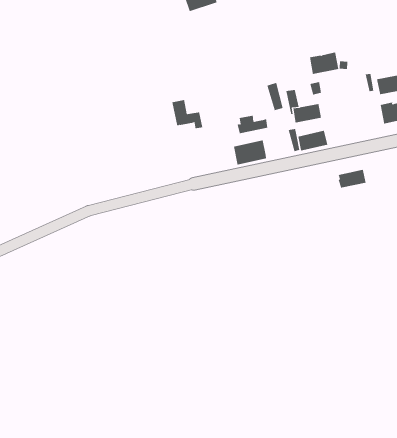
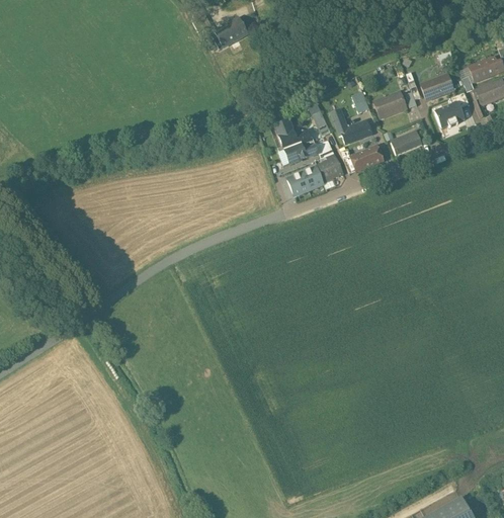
building: [309,52,339,75] -> [373,90,406,117]
building: [171,99,203,129] -> [275,119,312,148]
building: none -> [316,156,342,180]
building: [338,169,366,188] -> [391,130,421,153]

